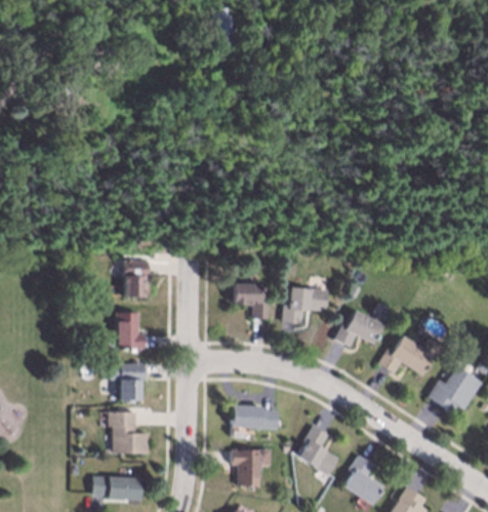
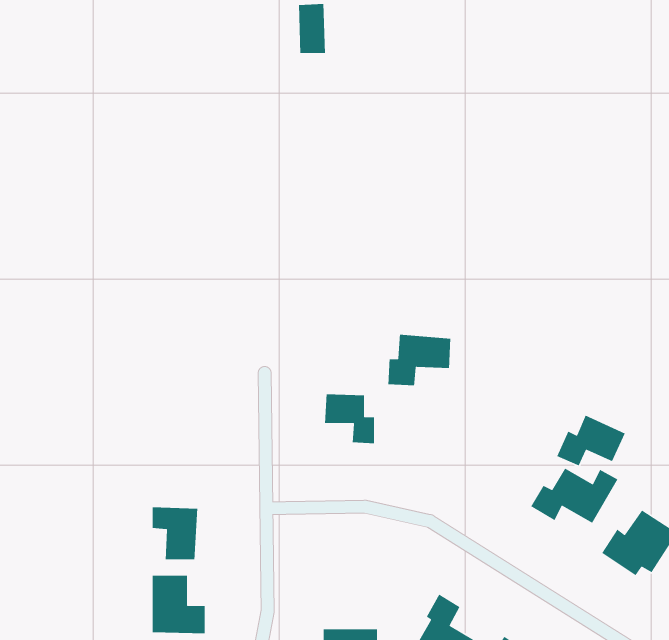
building: [124,259,148,298] -> none
building: [283,286,328,323] -> [387,334,451,386]
building: [334,310,383,347] -> [556,414,626,467]
building: [116,312,145,349] -> none
building: [232,405,279,429] -> none

